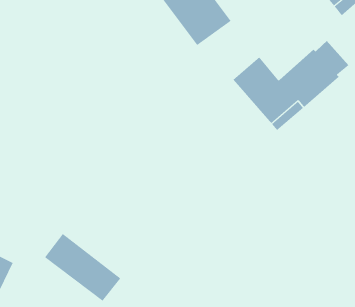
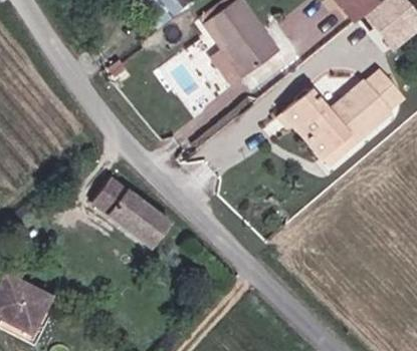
building: [44,233,121,302] -> [89,177,170,248]

